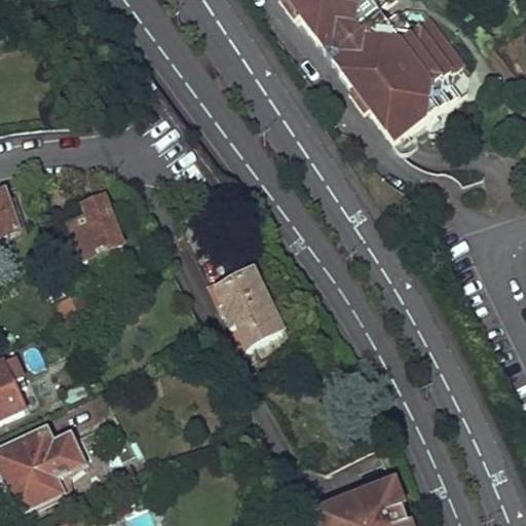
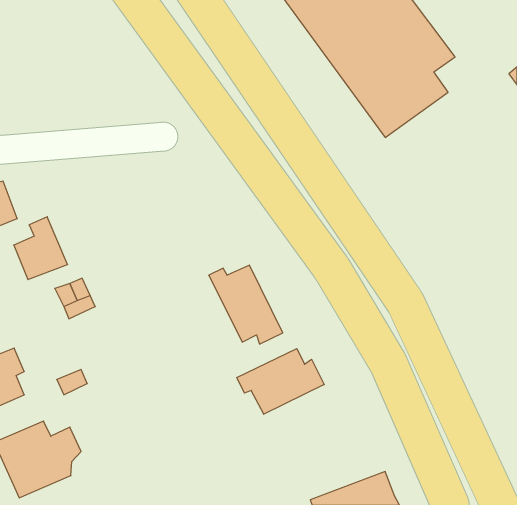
building: [69,191,123,255] -> [14,217,68,280]
building: none -> [237,349,324,414]

